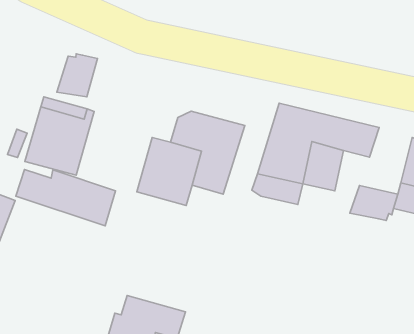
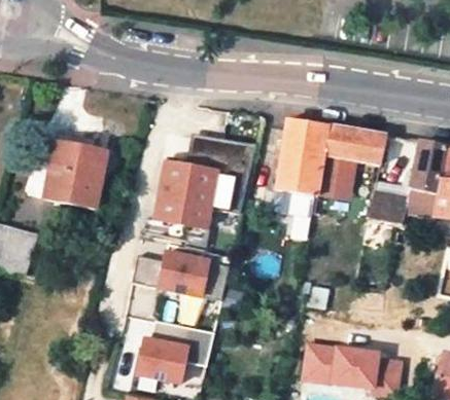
building: [57,54,98,97] -> none
building: [16,169,115,226] -> [130,252,227,302]

